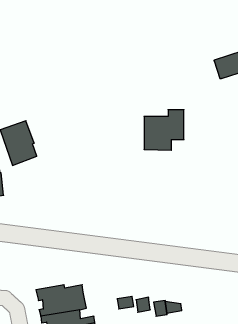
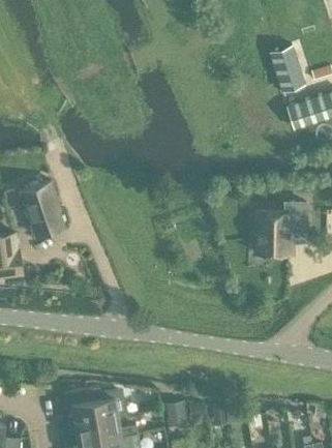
building: none -> [270,46,305,91]
building: [144,110,184,150] -> [255,204,305,255]

